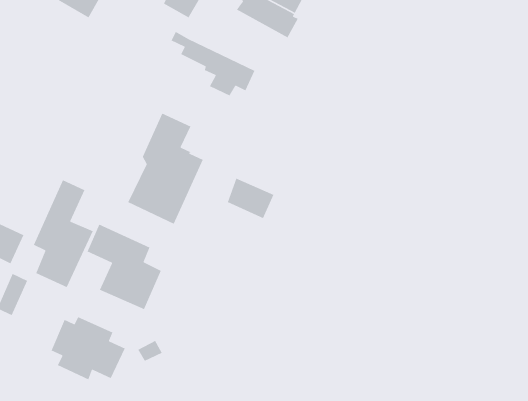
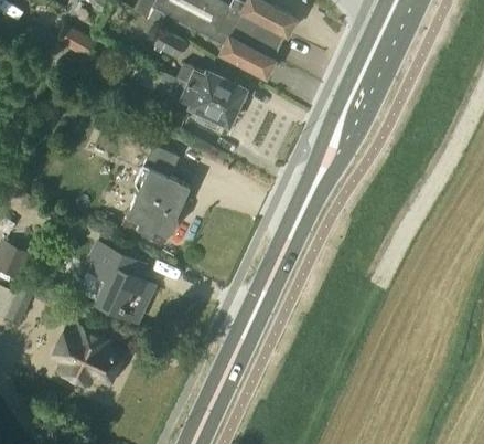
building: none -> [176,62,245,106]
building: [227,178,275,219] -> none
building: [33,179,94,288] -> none

